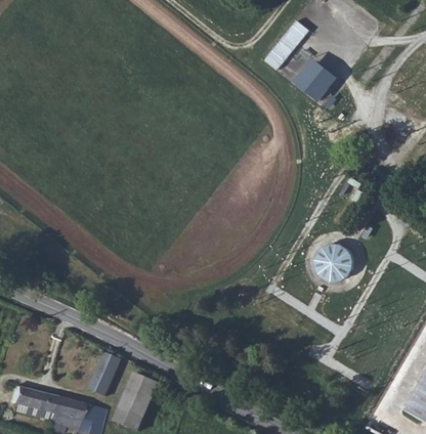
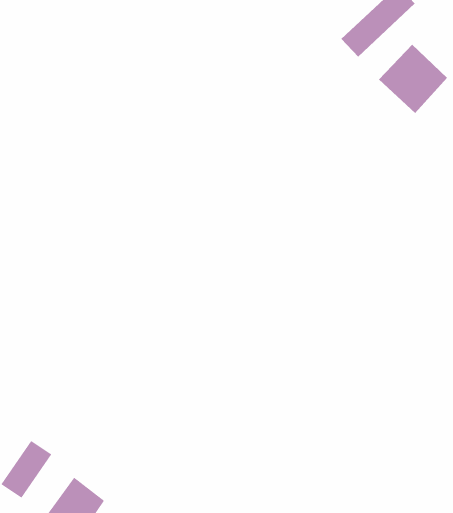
building: [315,245,353,283] -> none

